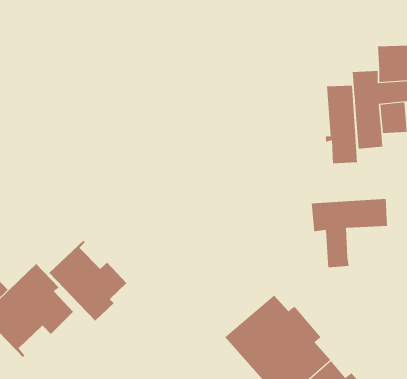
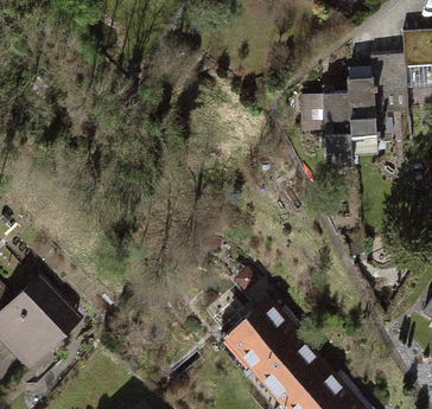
building: [311,198,388,268] -> none
building: [48,240,127,322] -> none

